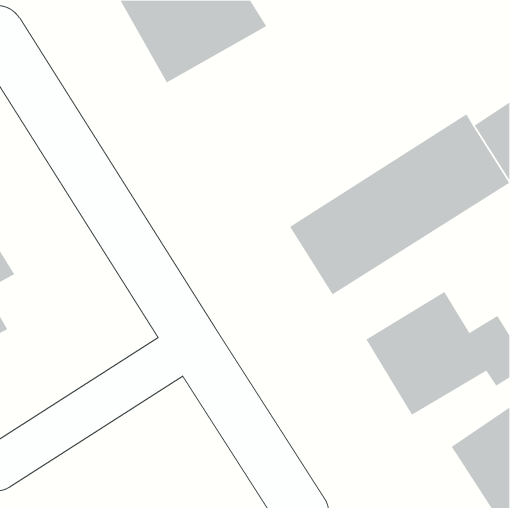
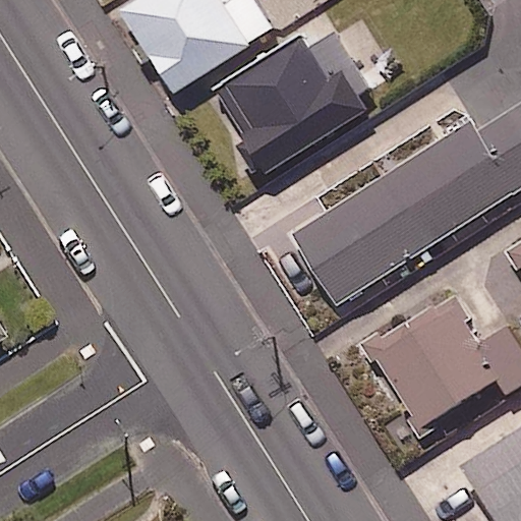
building: none -> [217,21,391,170]

